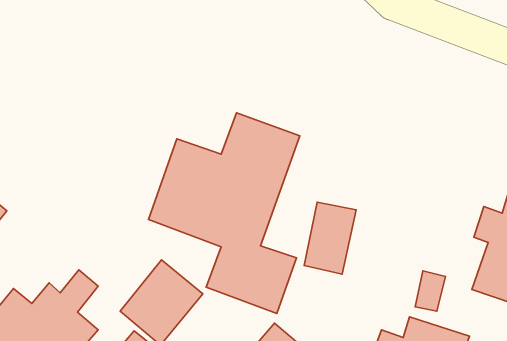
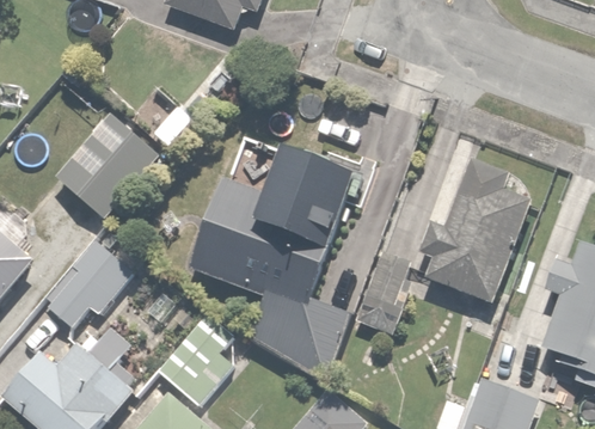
building: none -> [54,112,166,226]
building: none -> [417,157,532,302]
building: none -> [44,244,128,327]

